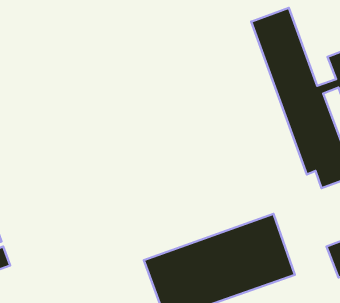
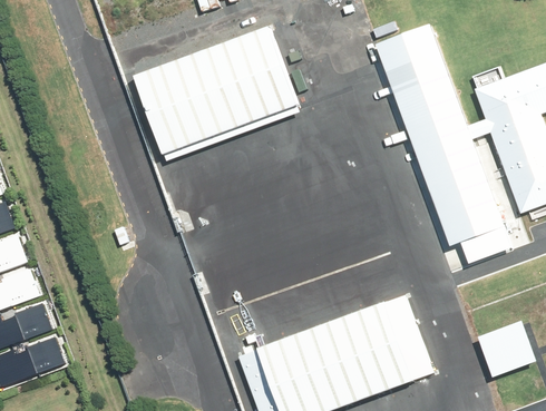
building: none -> [130,23,300,159]

